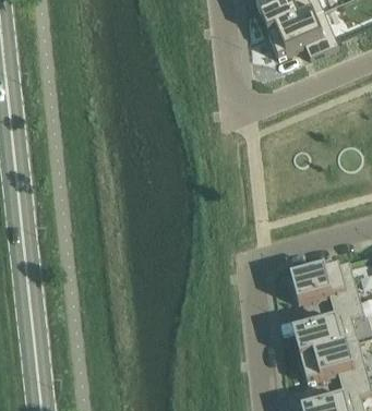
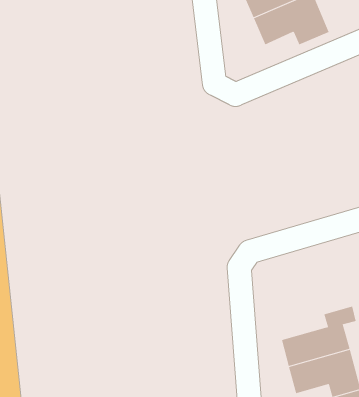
building: [287,254,356,300] -> none

